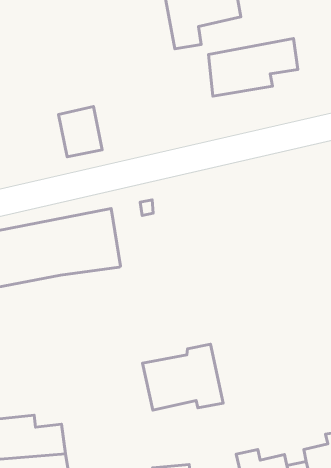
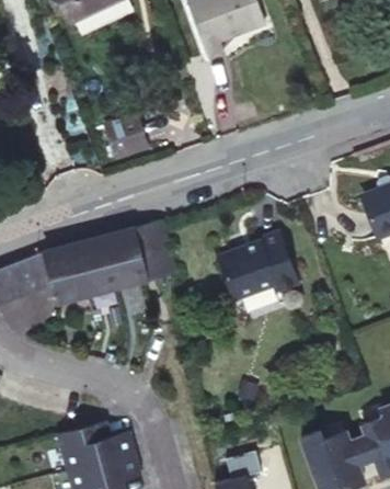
building: [209,38,298,96] -> none
building: [143,344,223,410] -> [223,241,302,308]

